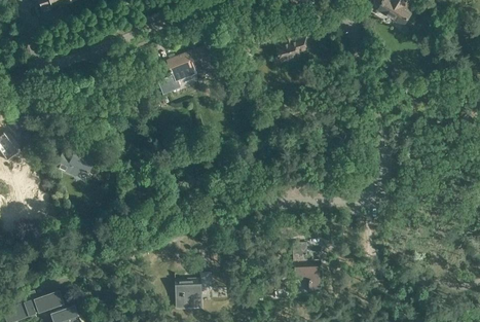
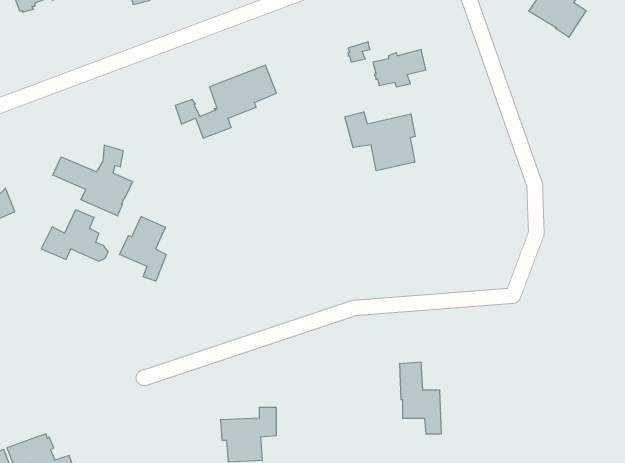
building: none -> [345,112,415,171]
building: none -> [53,145,133,216]
building: none -> [120,216,166,281]

